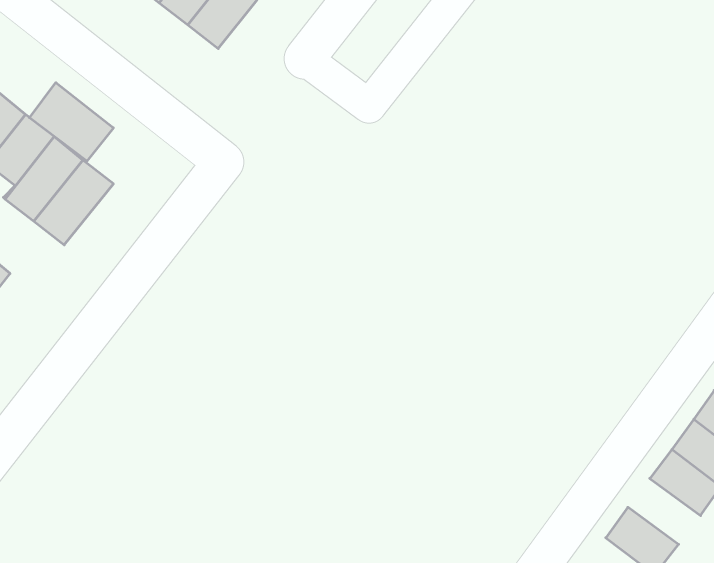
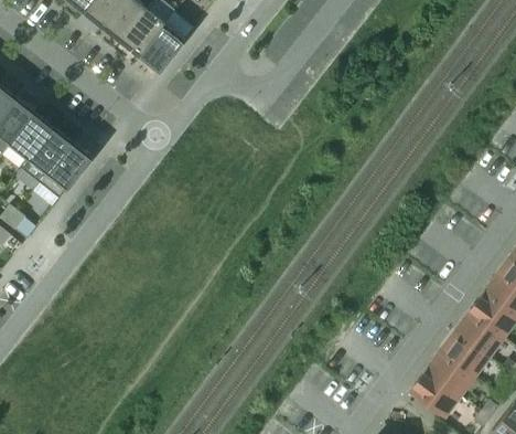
building: [29,83,113,161] -> none
building: none -> [426,351,473,394]

